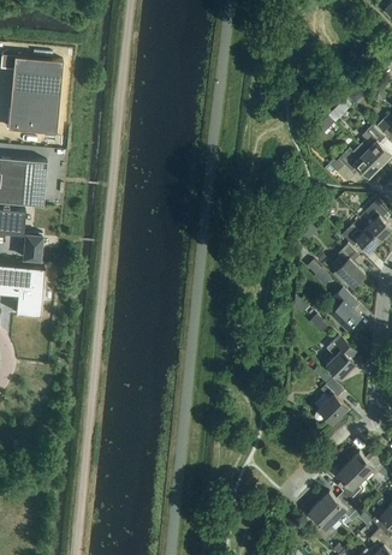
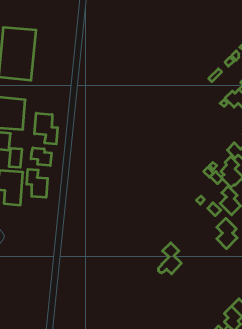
building: none -> [35,113,58,144]
building: none -> [31,148,51,166]
building: none -> [27,169,48,197]
building: [314,378,348,424] -> [158,243,181,274]

